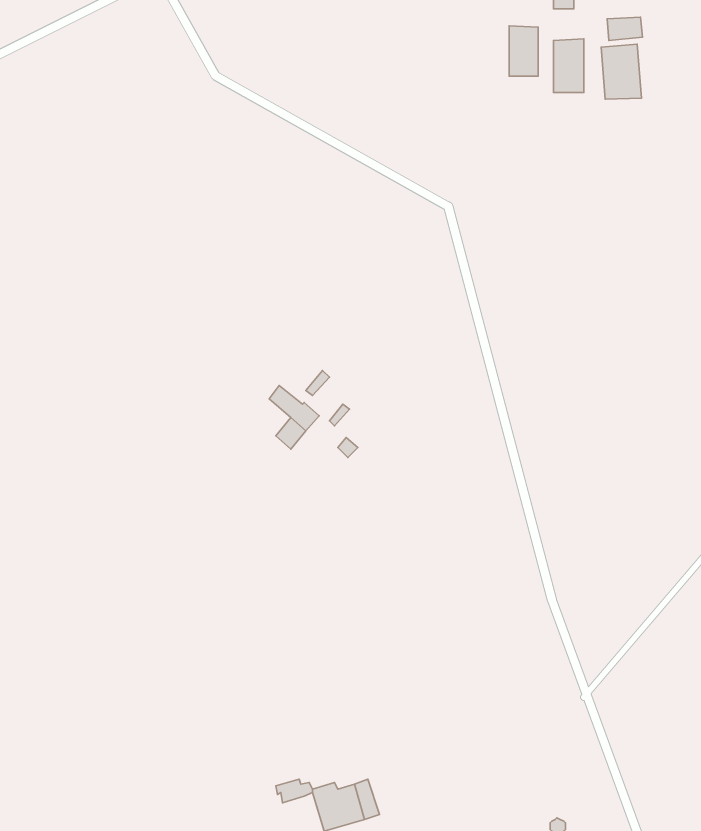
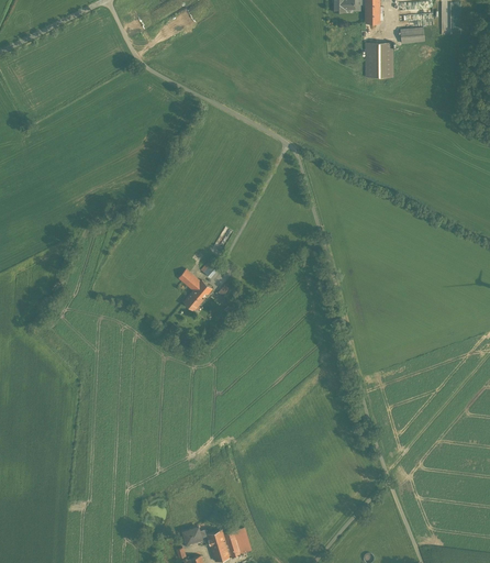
building: [509,26,538,76] -> none
building: [601,44,641,99] -> none

